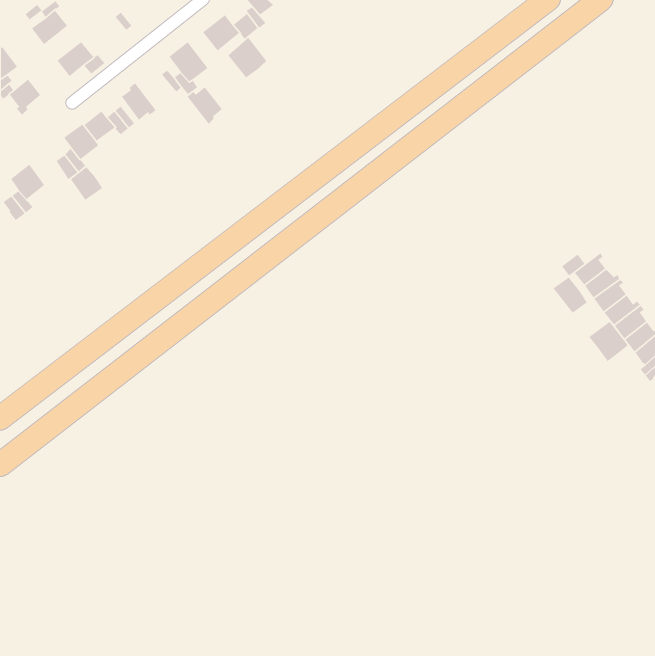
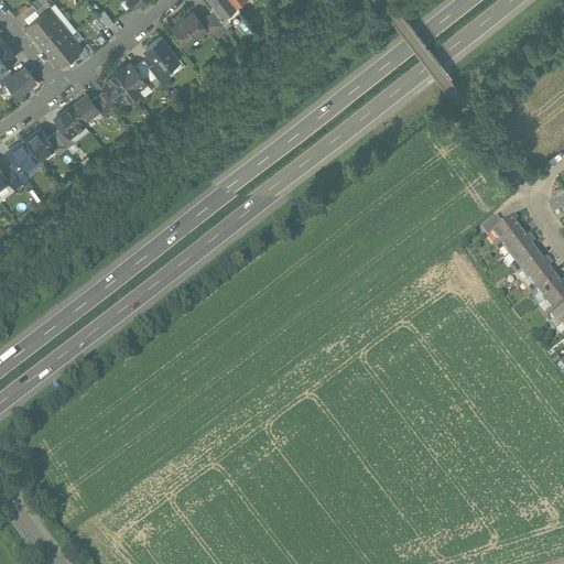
building: none -> [40,22,72,52]
building: [228,37,267,79] -> none
building: [187,86,223,125] -> [118,62,149,95]
building: [70,166,103,201] -> [28,129,56,159]
building: [553,277,589,314] -> none
building: [589,321,629,362] -> none

